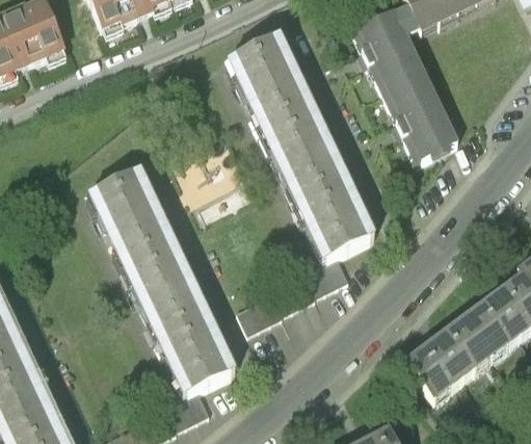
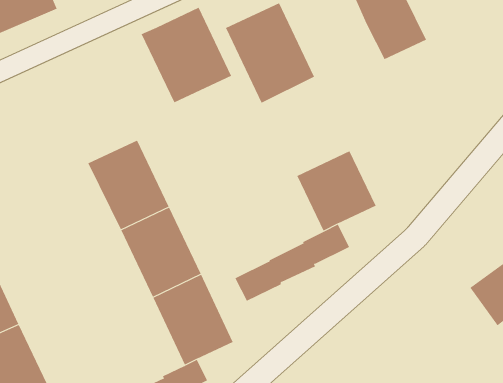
building: none -> [141,7,232,103]
building: [382,74,457,163] -> none
building: [263,110,349,207] -> none
building: [407,316,493,395] -> none

